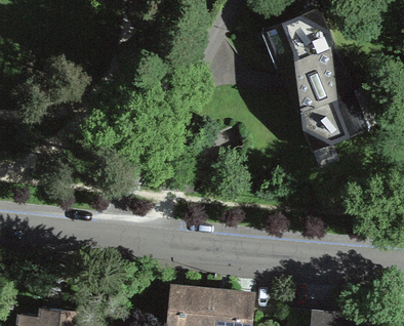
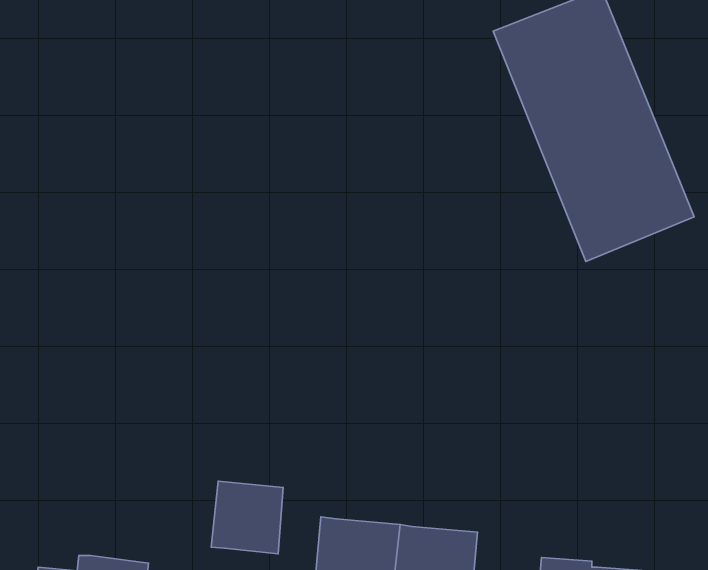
building: none -> [211,481,283,554]

